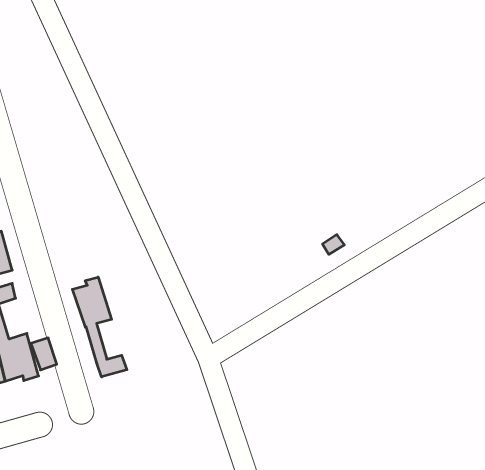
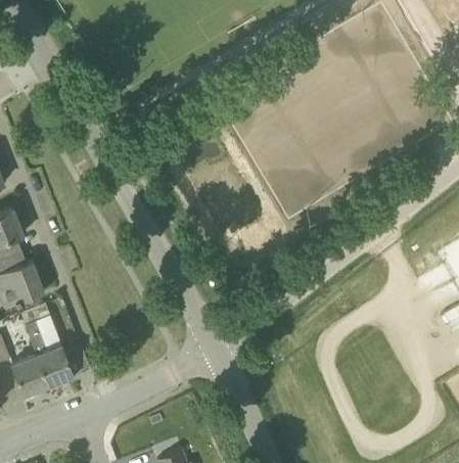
building: [72,277,127,377] -> none

